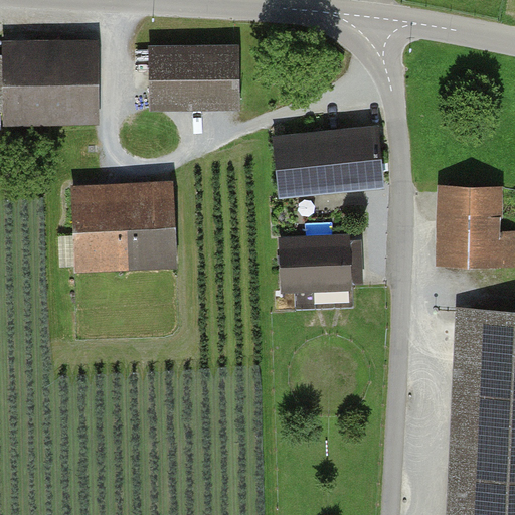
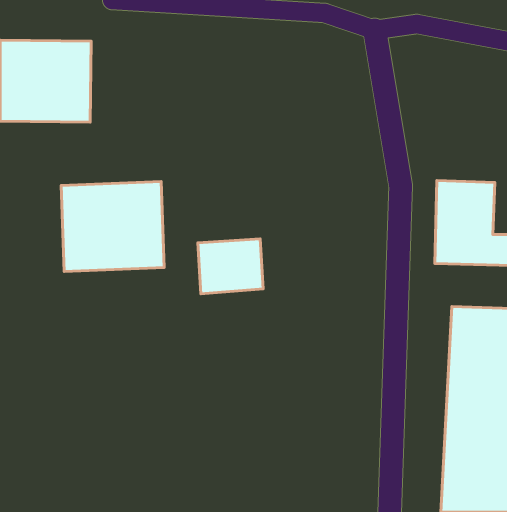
building: [146,46,235,110] -> none
building: [276,128,382,197] -> none
building: [284,237,349,293] -> [198,239,263,294]

